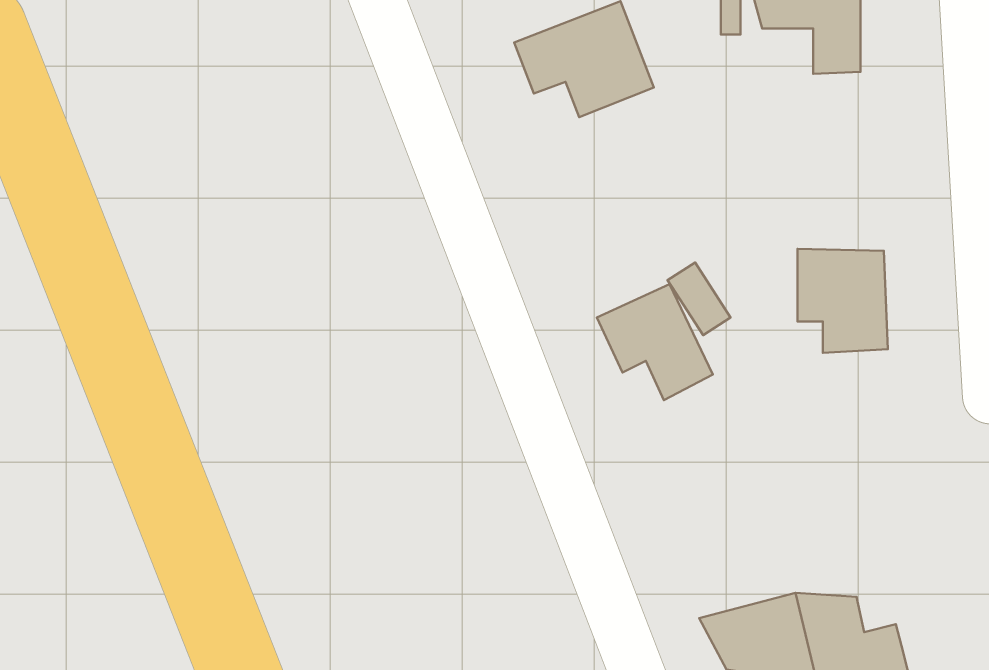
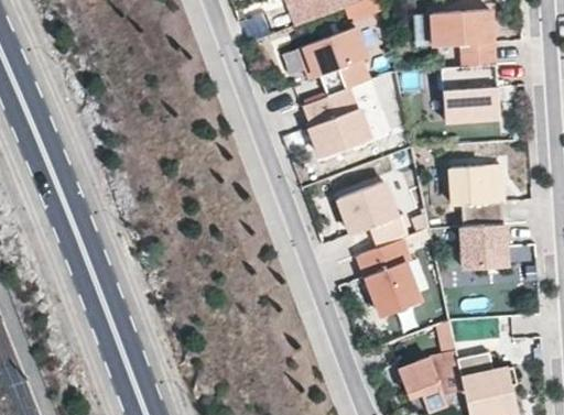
building: none -> [442,70,497,121]
building: none -> [302,96,365,156]
building: none -> [463,221,512,273]
building: none -> [358,236,416,313]

